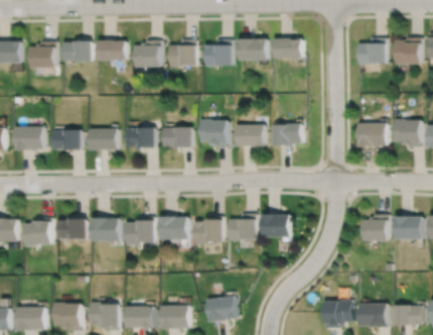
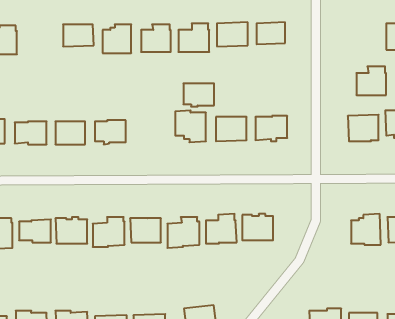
building: [357,37,385,64] -> [356,66,386,95]
building: [60,40,90,62] -> none
building: [163,128,191,149] -> [183,83,214,107]

